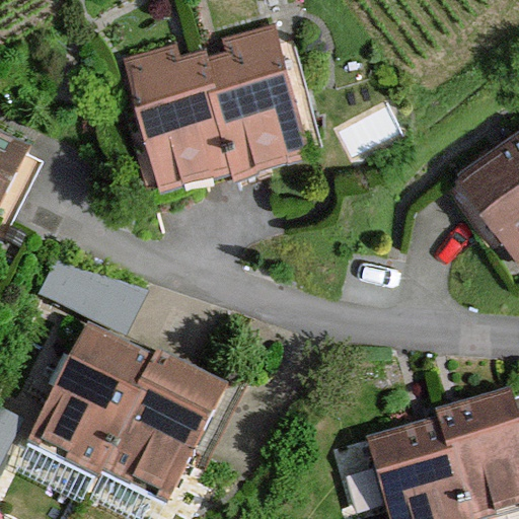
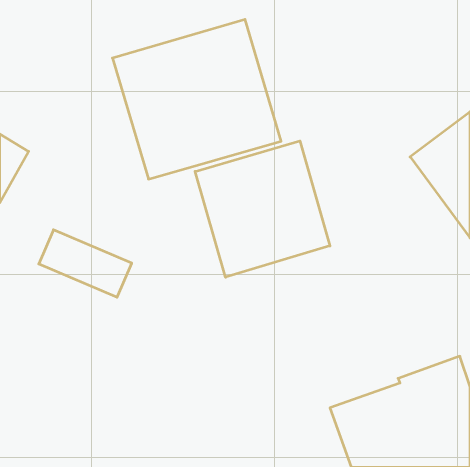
building: none -> [195,141,330,277]
building: [24,326,233,504] -> none

